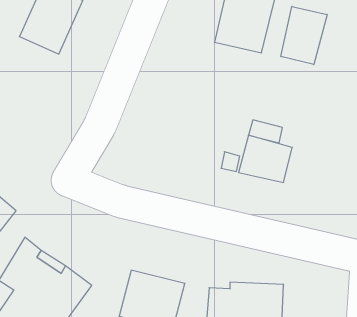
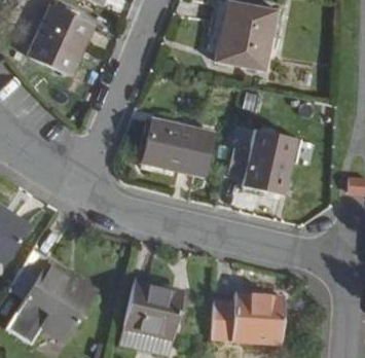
building: [281,6,327,65] -> none
building: none -> [139,120,209,176]

